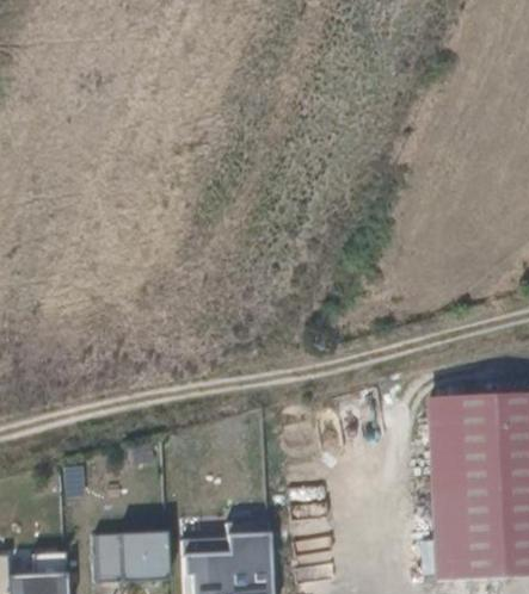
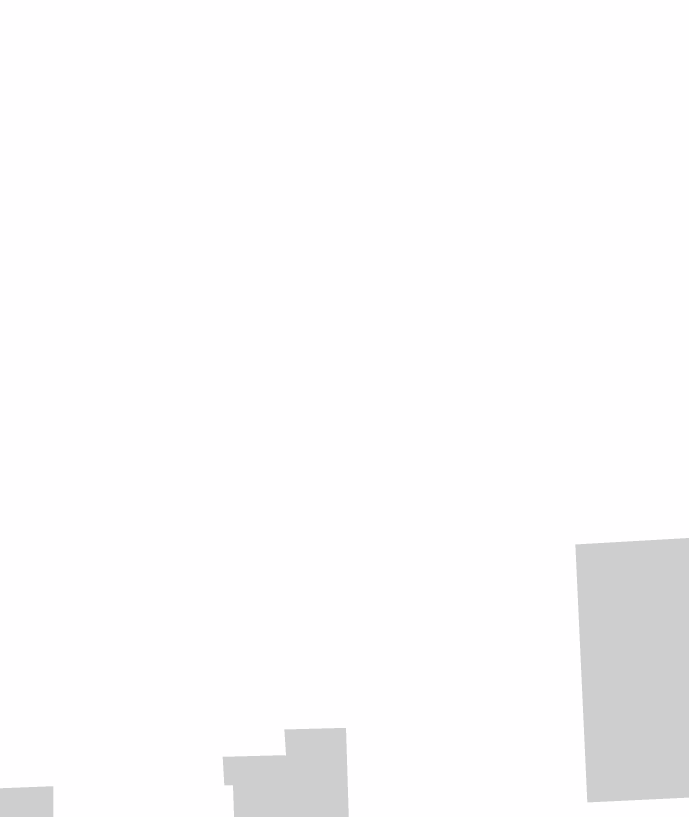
building: [98,527,168,578] -> none

